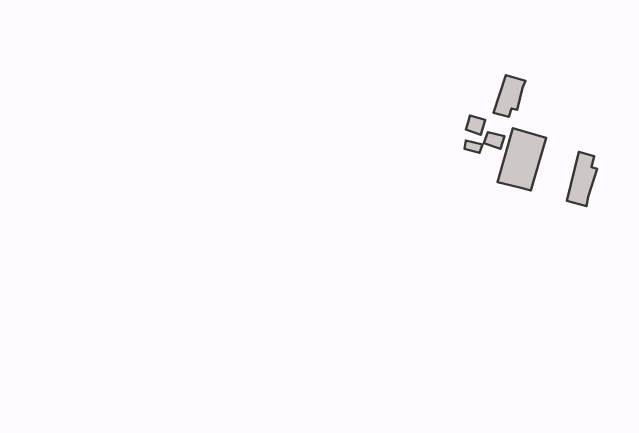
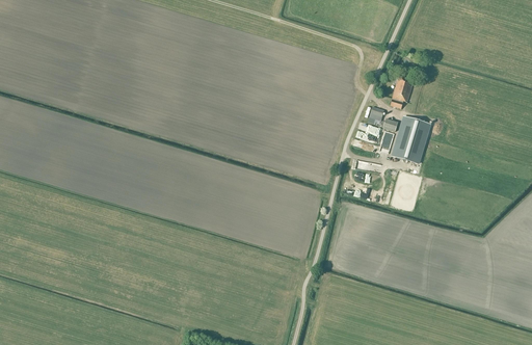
building: [567,152,597,206] -> none

